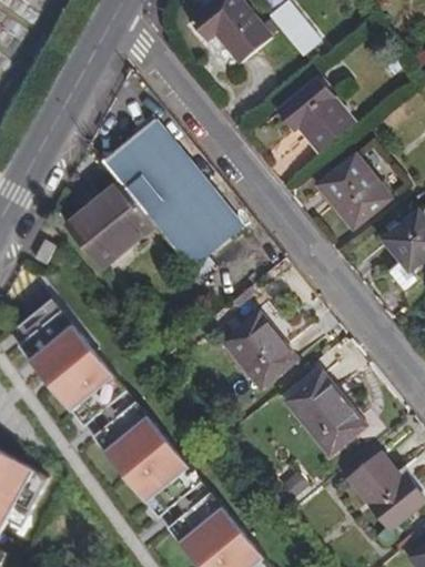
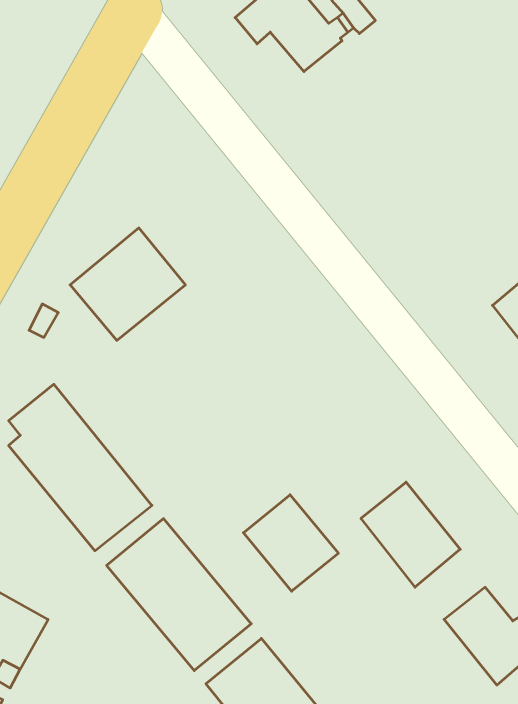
building: [281,80,353,151] -> none
building: [103,121,241,269] -> none
building: [320,160,388,230] -> none
building: [222,315,294,388] -> [243,495,338,591]

